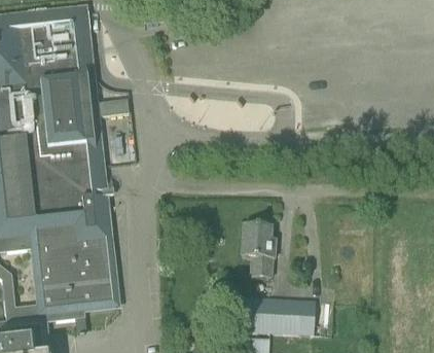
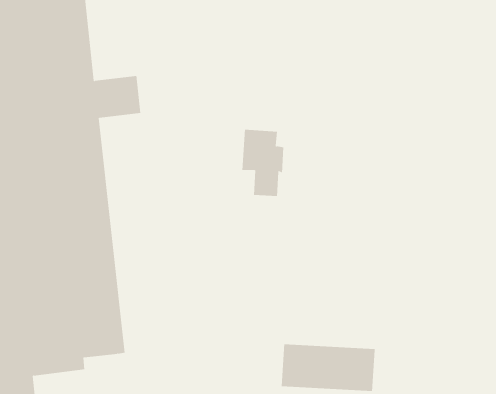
building: [245,224,279,278] -> [241,129,284,196]

